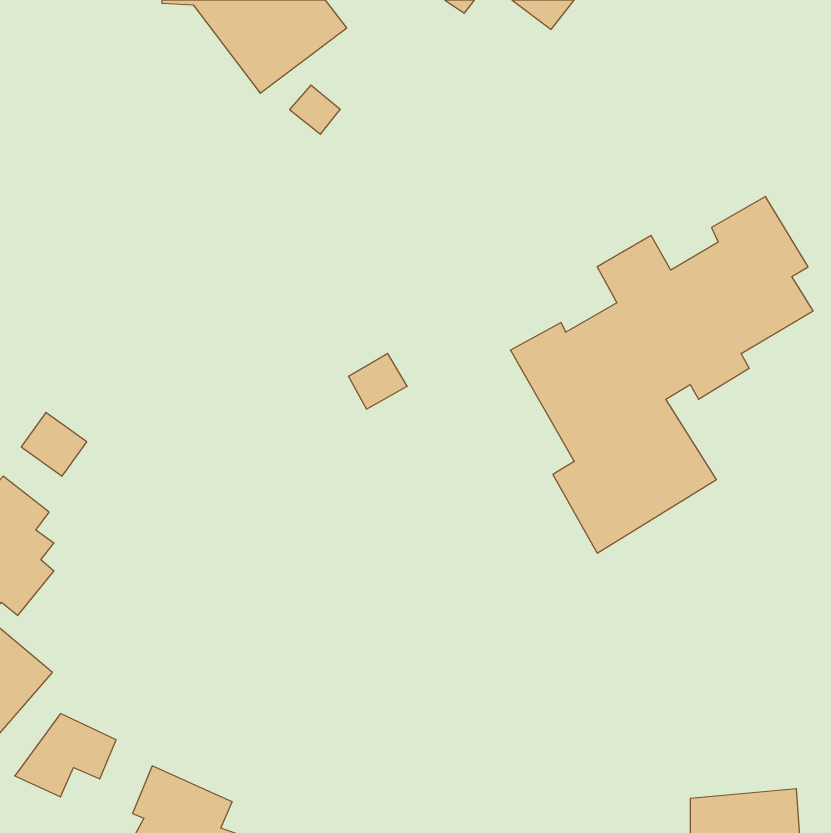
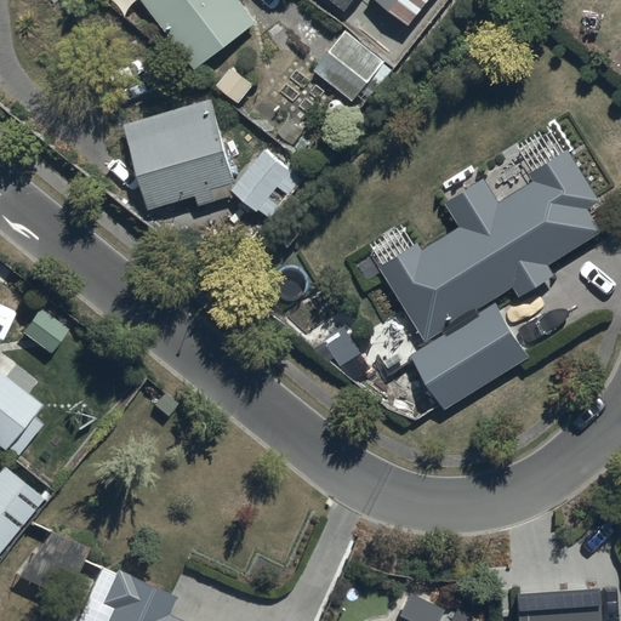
building: none -> [312,32,384,102]
building: none -> [125,98,313,222]

